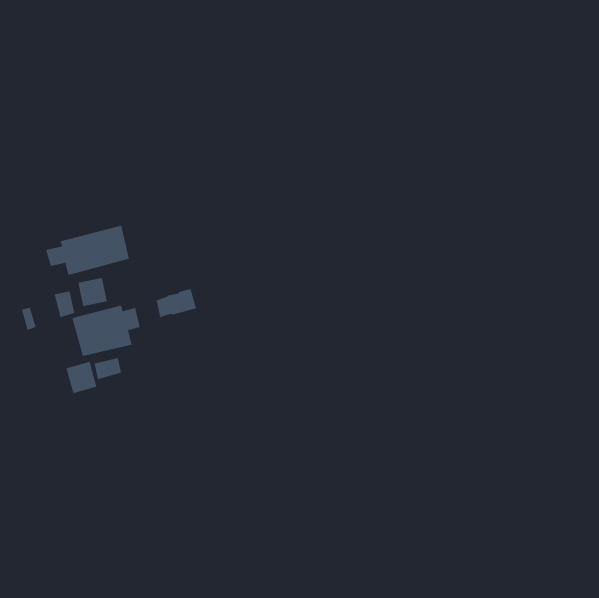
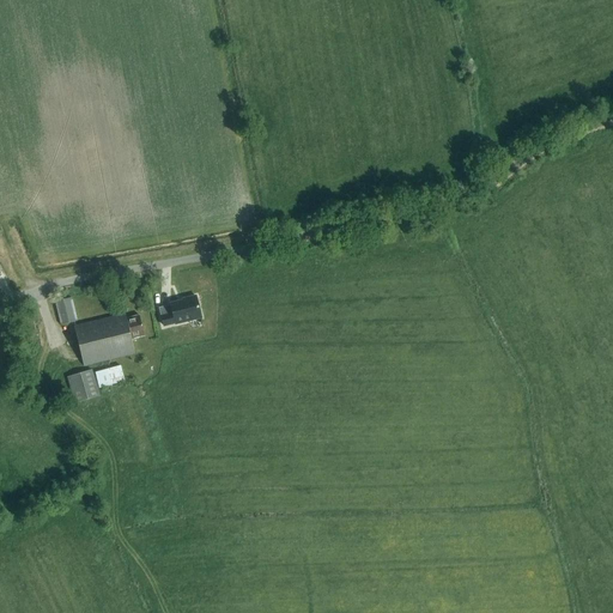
building: [46,225,129,276] -> none
building: [78,277,108,307] -> none

